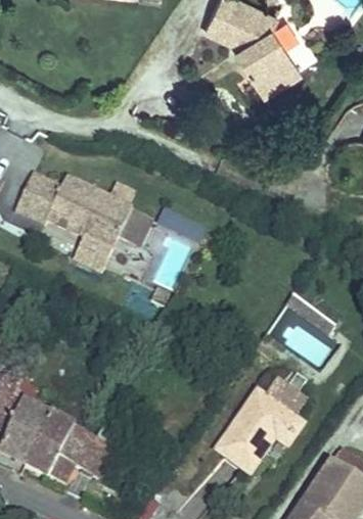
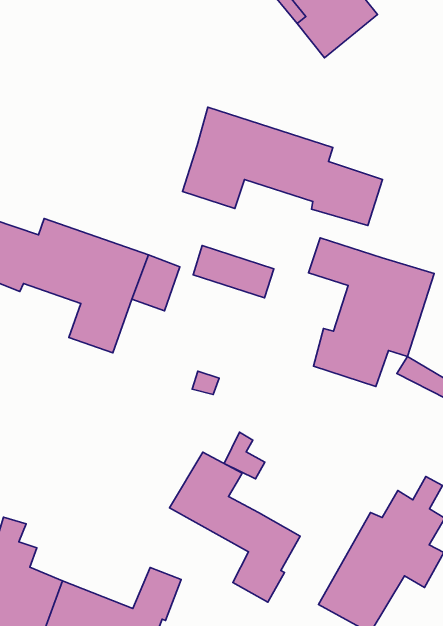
building: none -> [182,107,383,225]
building: none -> [309,238,434,386]
building: none -> [169,452,300,602]

